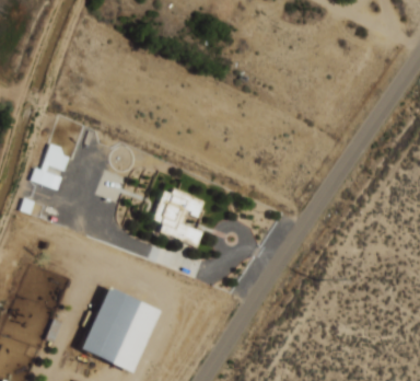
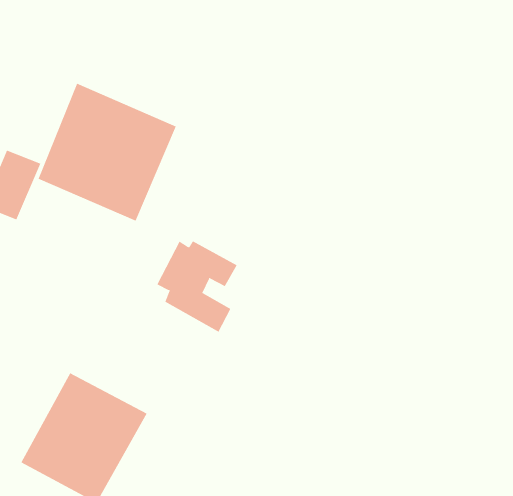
building: none -> [38,83,177,222]

